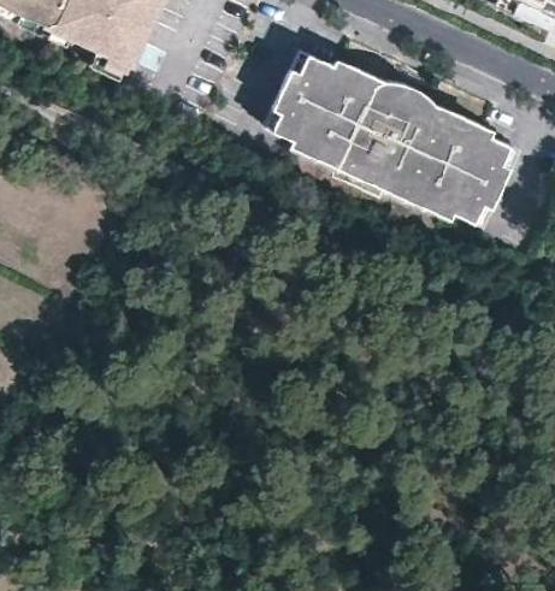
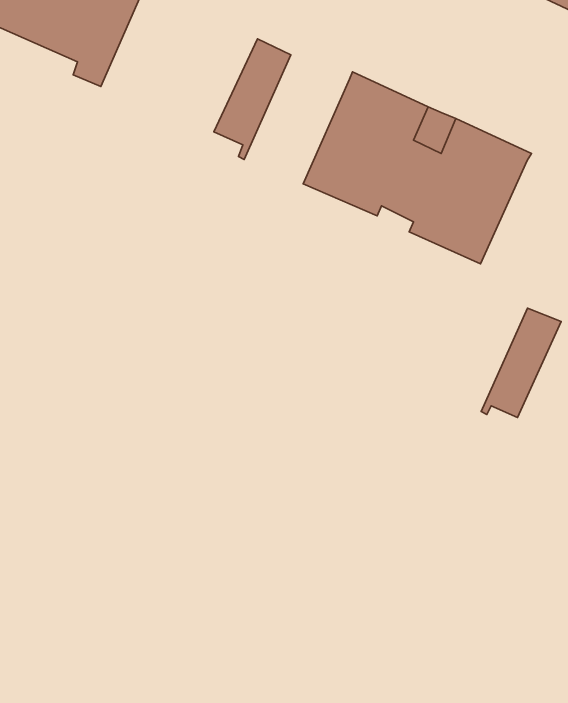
building: [272,53,336,153] -> [214,39,291,160]
building: [444,134,510,224] -> [481,308,561,417]

